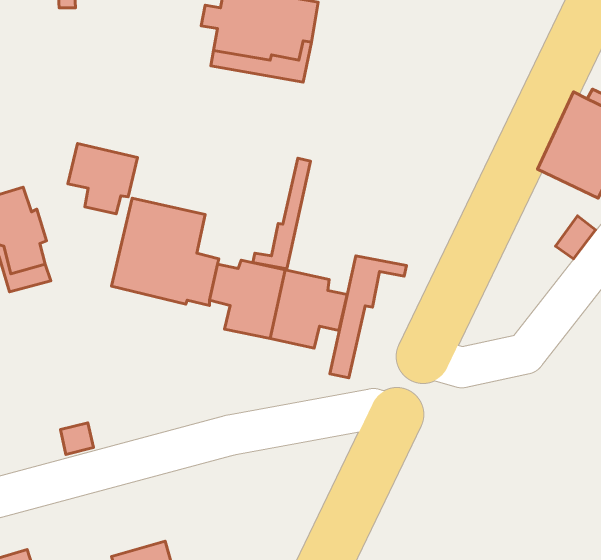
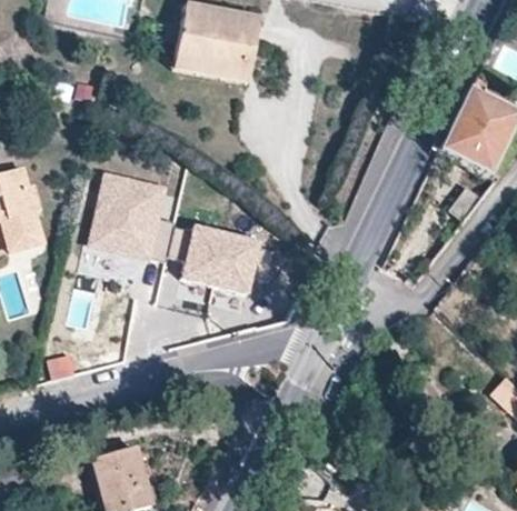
building: [68,144,138,214] -> none
building: [253,158,310,269] -> none
building: [330,256,407,378] -> none

